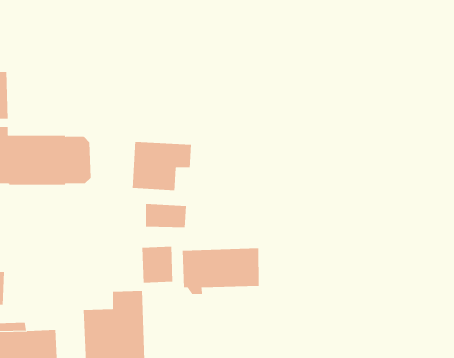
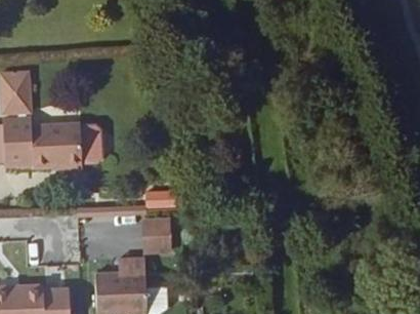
building: [132,141,191,191] -> none
building: [182,248,259,295] -> none

